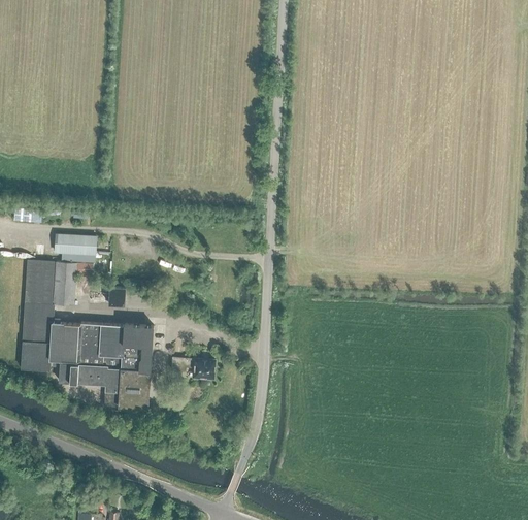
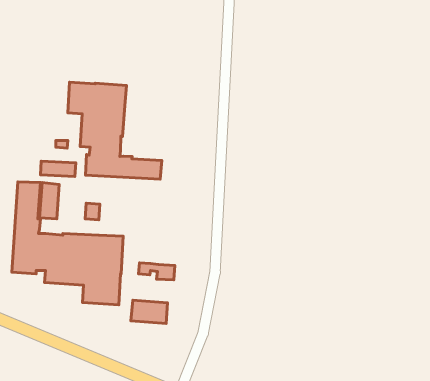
building: none -> [68,82,162,179]
building: none -> [131,300,167,323]

